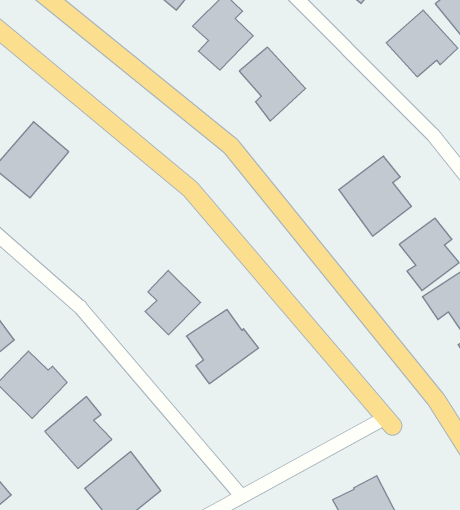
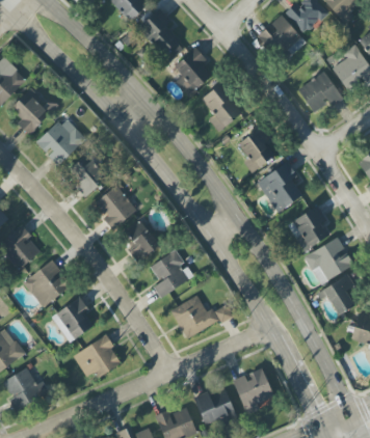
building: none -> [238,127,275,172]
building: none -> [71,156,106,197]
building: none -> [94,185,136,228]
building: none -> [170,295,232,338]

